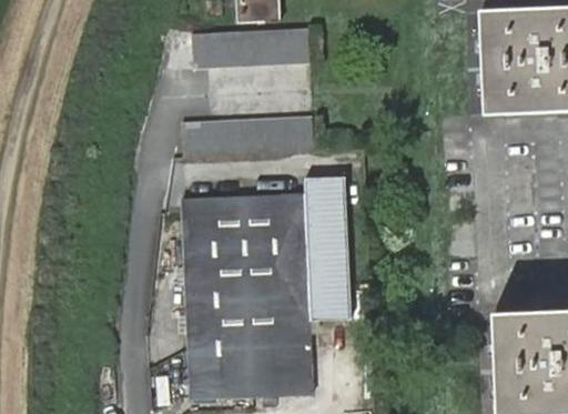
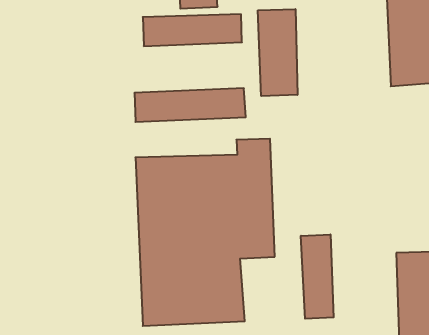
building: none -> [258,9,297,96]
building: none -> [301,234,334,319]

